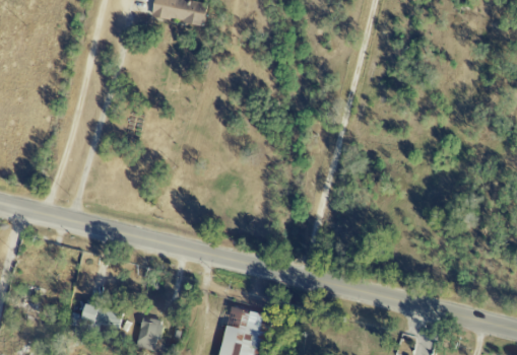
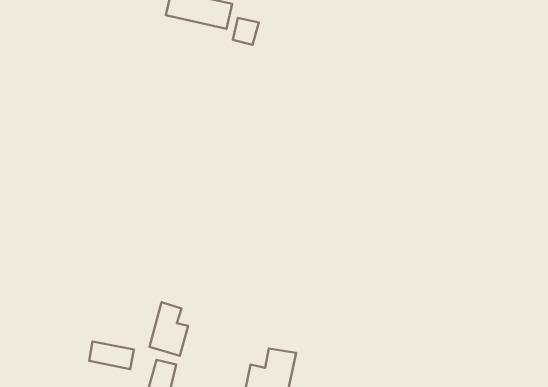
building: none -> [233,18,259,45]
building: none -> [149,302,188,356]

